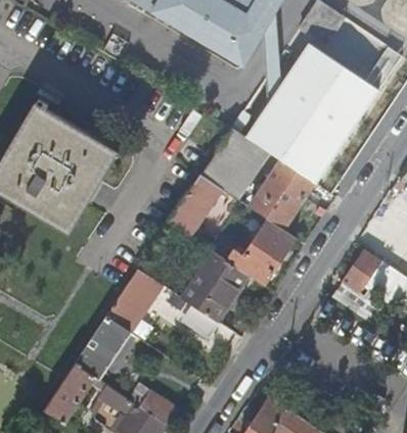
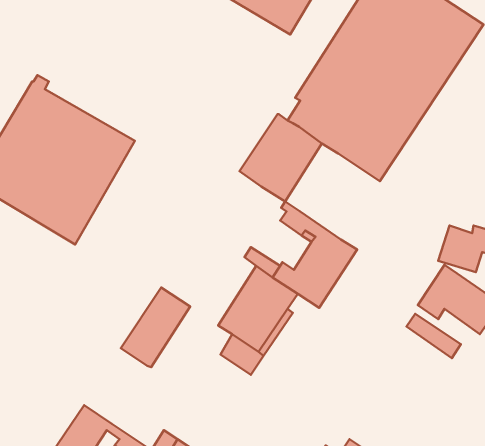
building: [250,160,314,230] -> none
building: [169,175,218,234] -> none
building: [75,318,126,379] -> none

